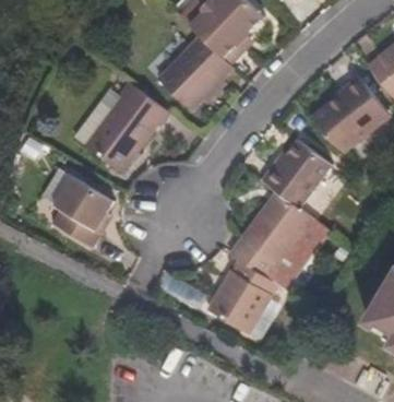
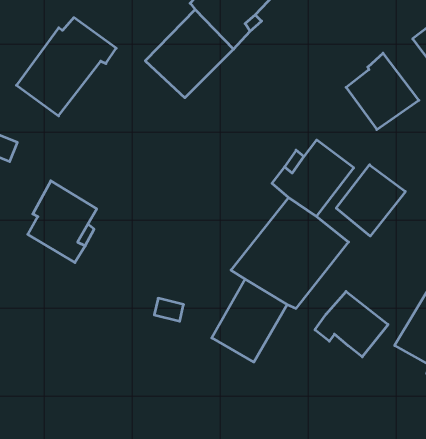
building: [83,88,168,173] -> [16,18,116,116]
building: none -> [336,165,405,236]
building: none -> [315,291,388,357]

